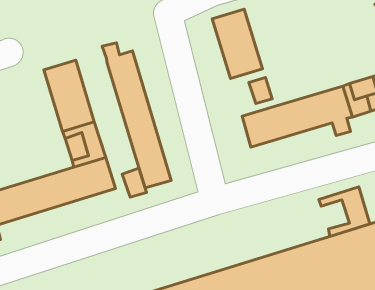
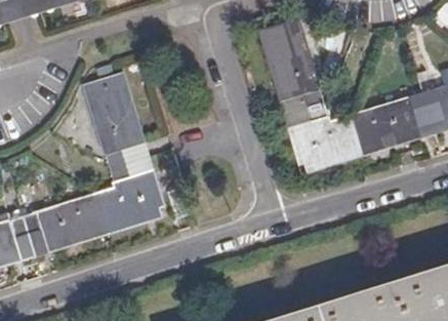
building: [102,43,171,188] -> none
building: none -> [284,85,330,135]
building: [319,187,370,236] -> none

